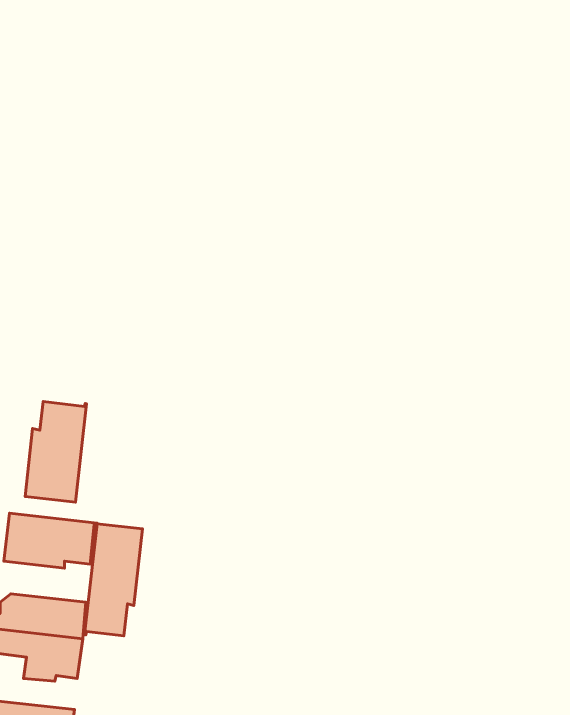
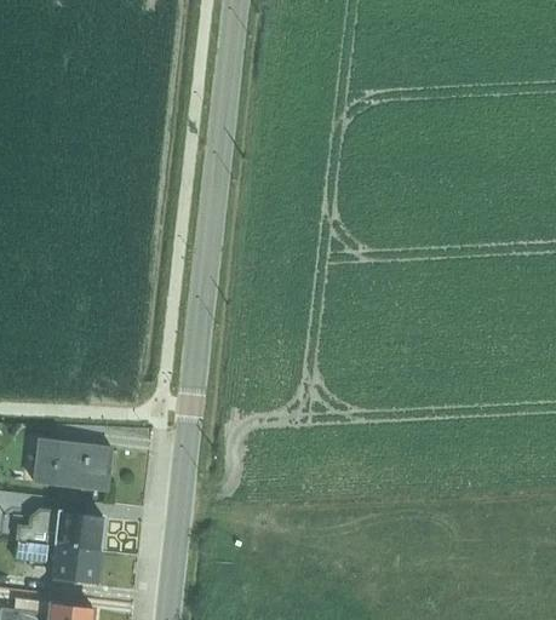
building: [25,402,87,502] -> none
building: [85,524,142,636] -> none

